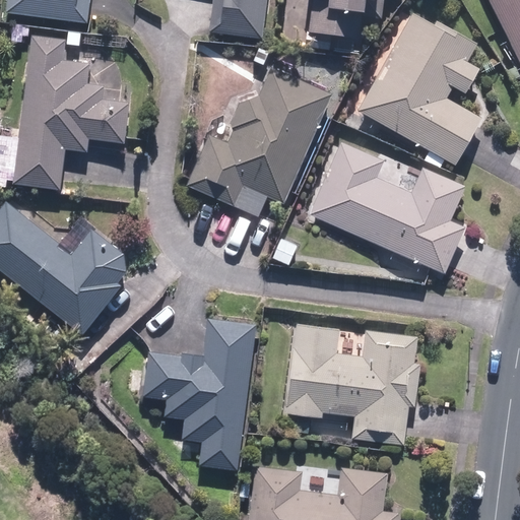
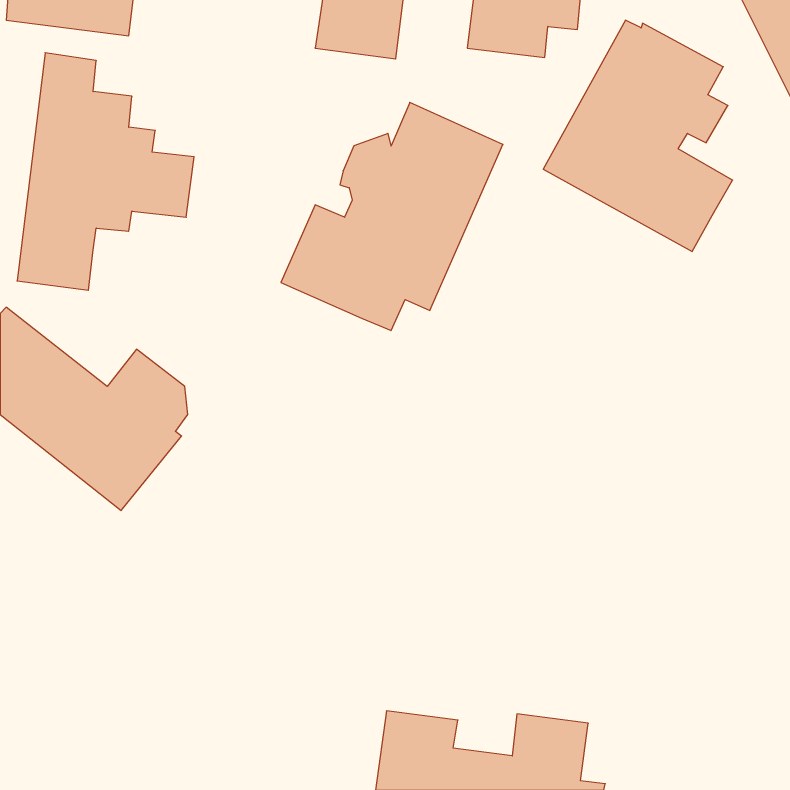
building: [309,141,464,273] -> none
building: [142,318,256,469] -> none
building: [284,324,419,444] -> none

